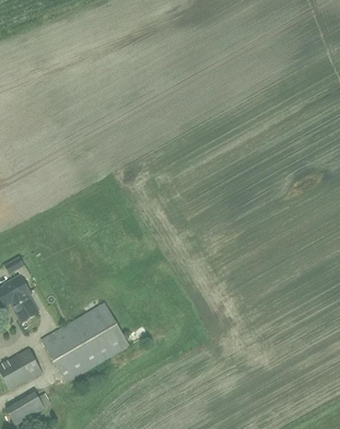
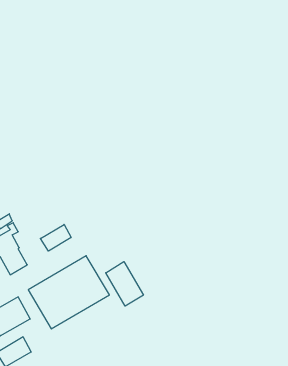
building: none -> [40,224,71,251]
building: none -> [106,262,143,306]

